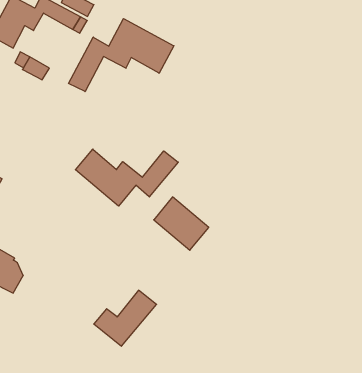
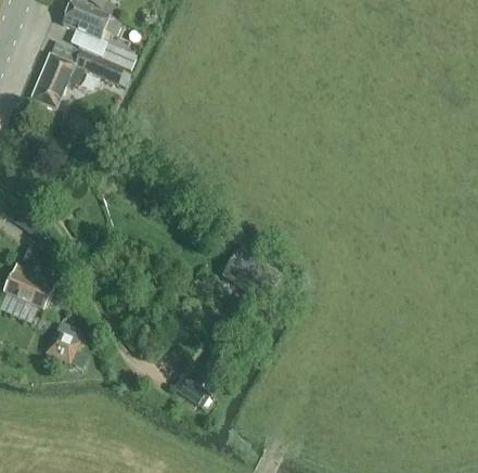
building: [69,19,174,92] -> none
building: [75,149,178,206] -> none

